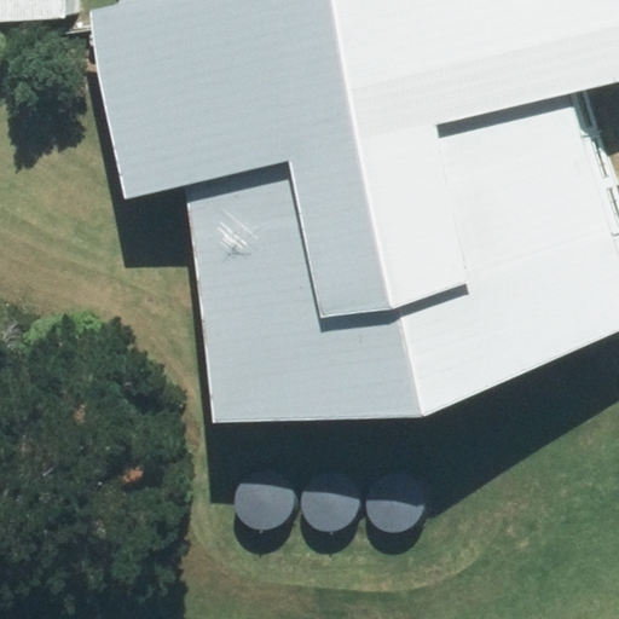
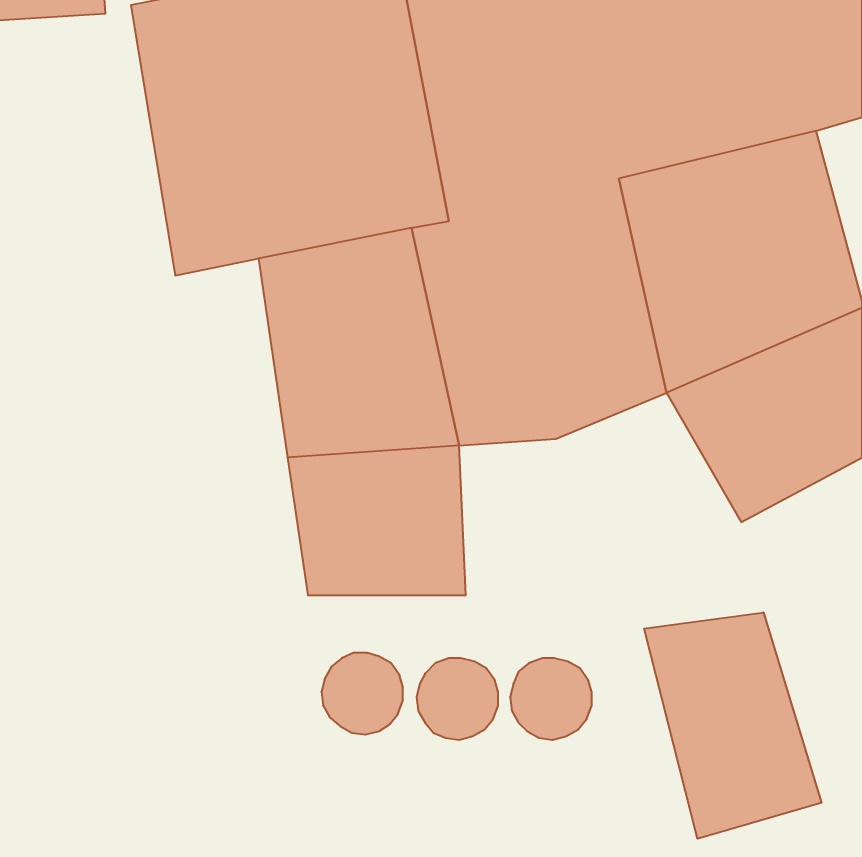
building: [326,279,527,423] -> none
building: none -> [644,612,821,839]

